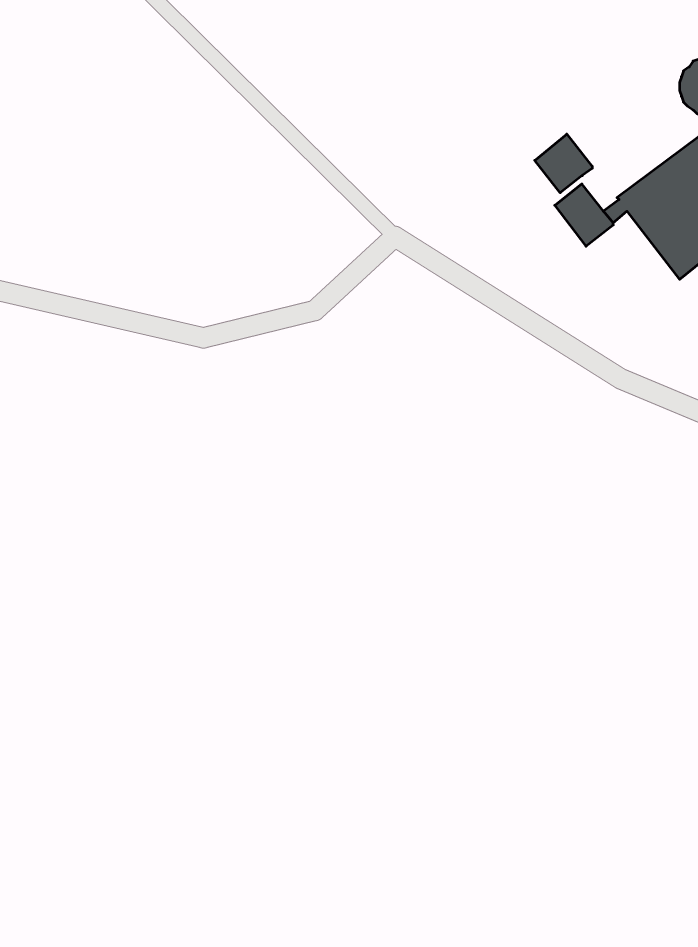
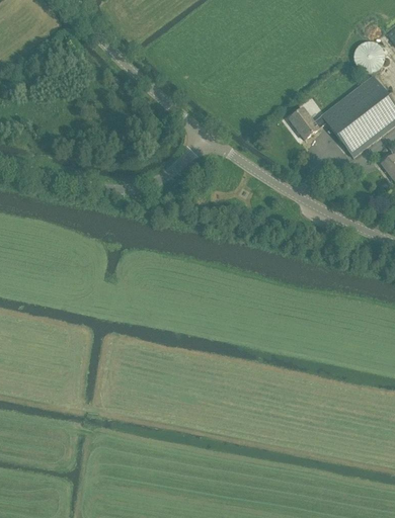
building: [535,134,592,193] -> none

